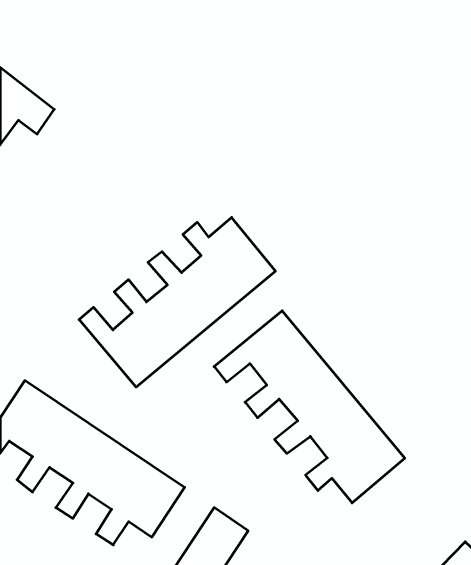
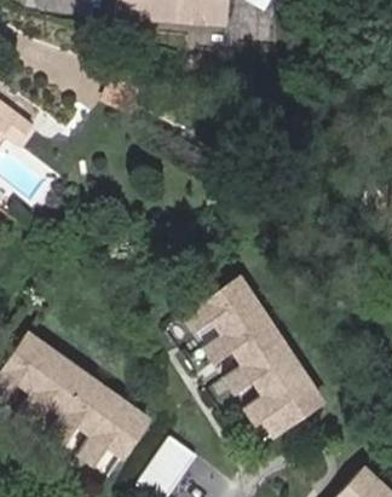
building: [79,217,275,387] -> none

